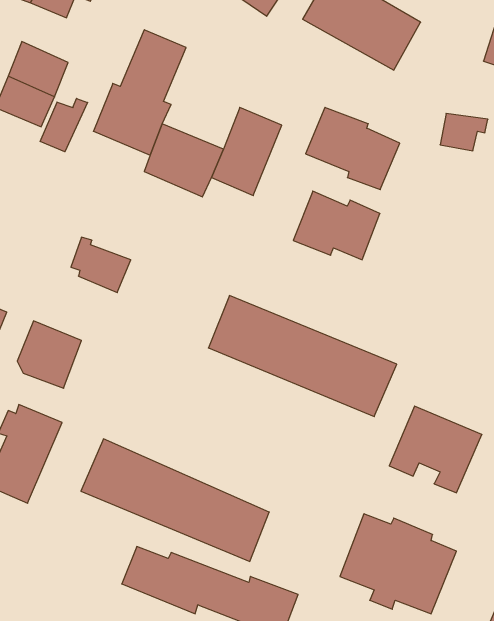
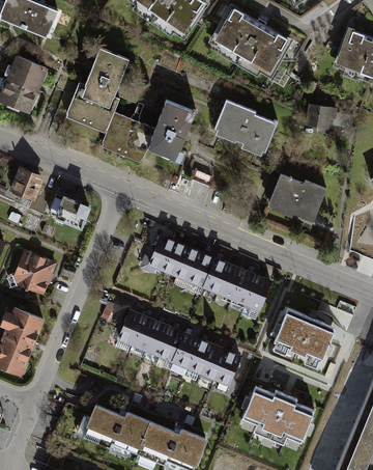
building: [40,98,88,152] -> none
building: [293,191,380,260] -> [266,174,326,222]
building: none -> [8,166,45,201]
building: [81,439,269,561] -> [115,305,246,390]

